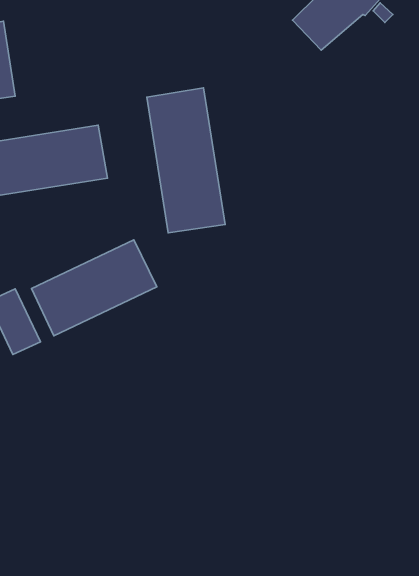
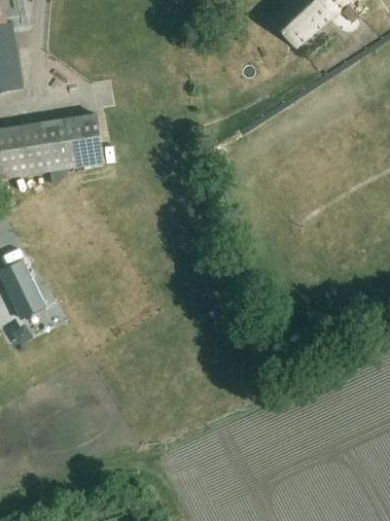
building: [147,88,225,233] -> none
building: [32,240,157,336] -> none

